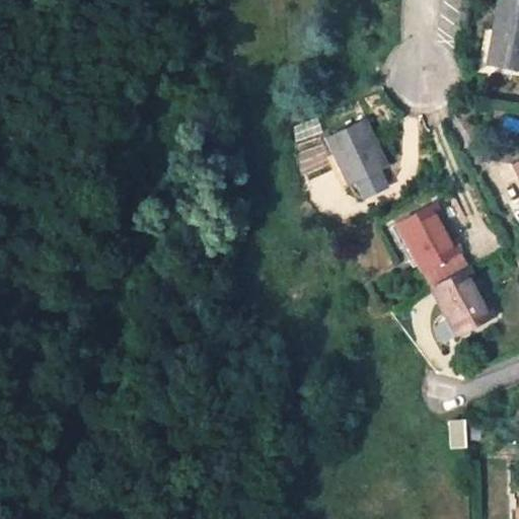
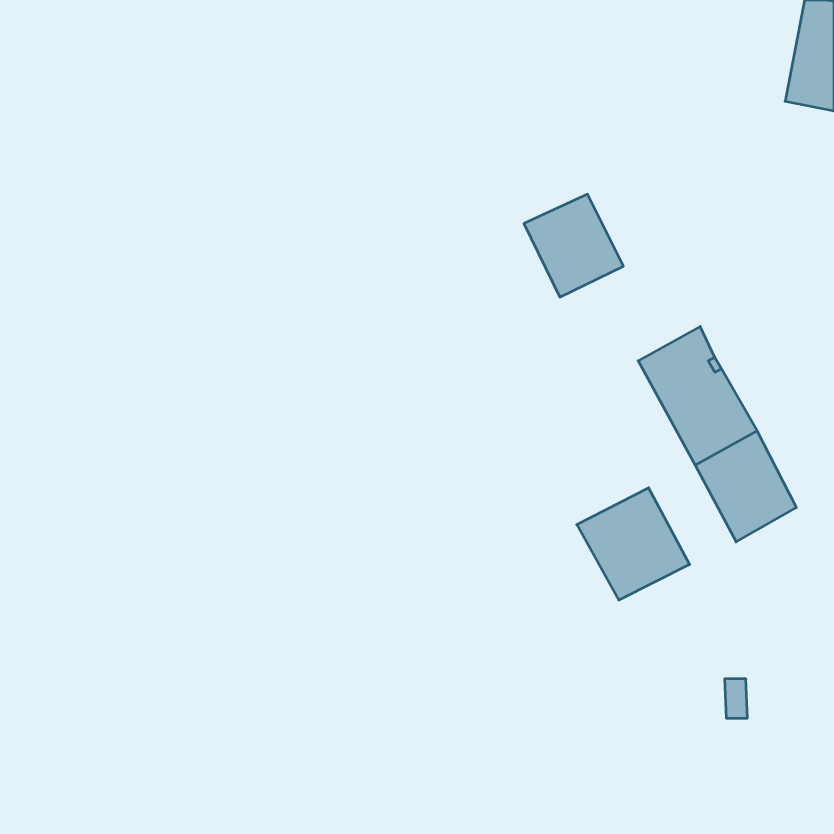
building: none -> [577,488,690,600]

